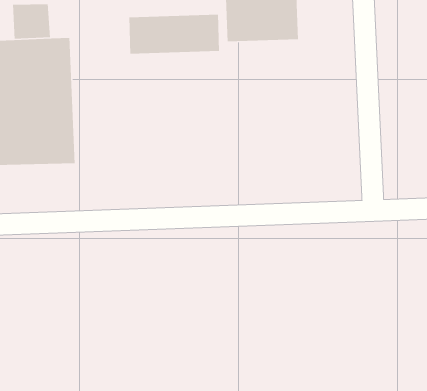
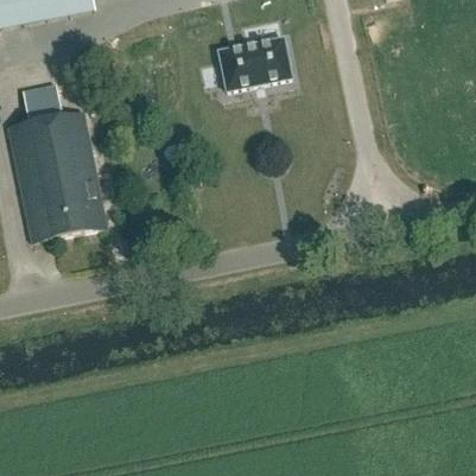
building: [129,14,220,54] -> none

